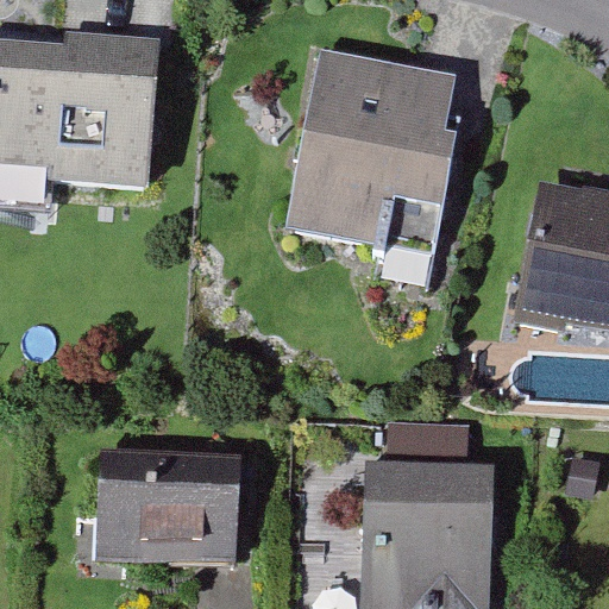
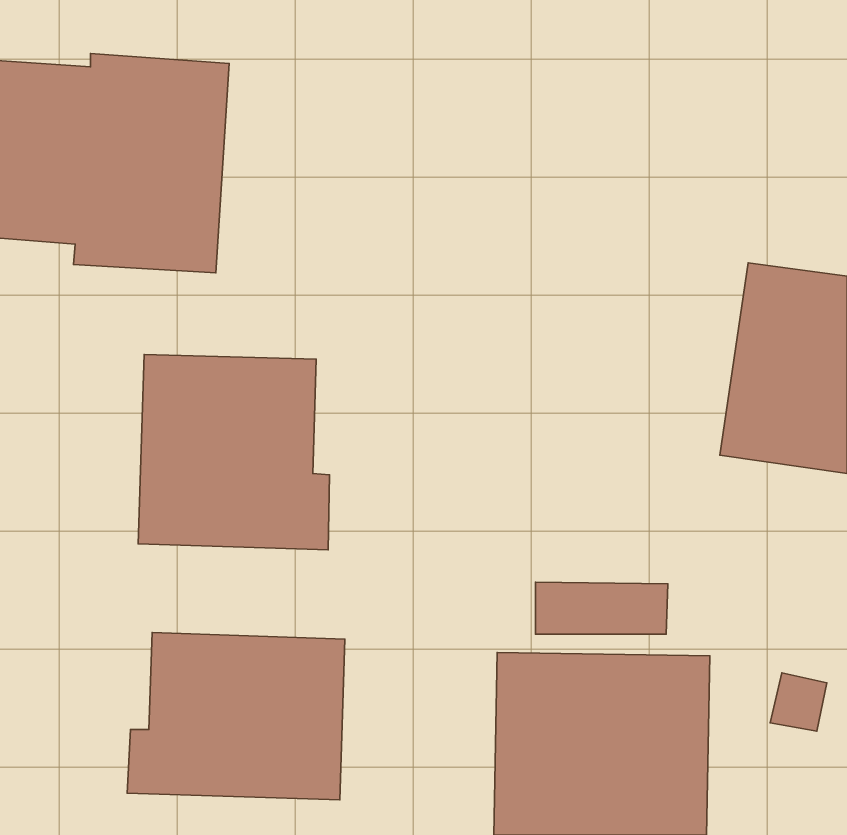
building: [284,46,459,250] -> none
building: none -> [138,355,329,550]

